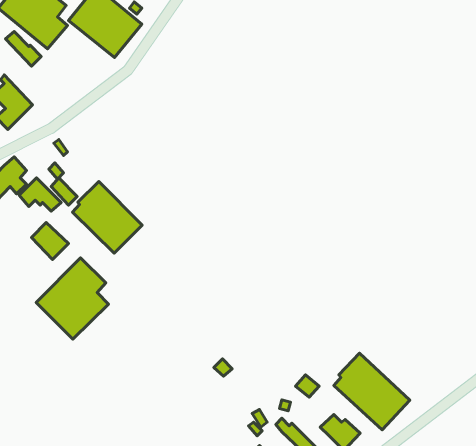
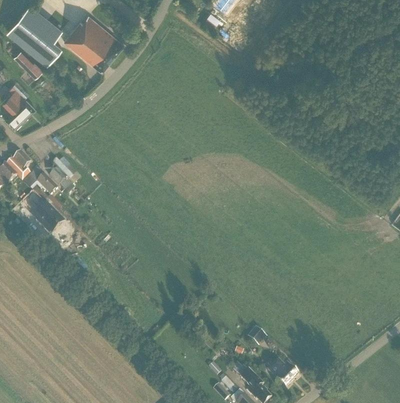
building: [72,182,142,253] -> none
building: [36,258,108,339] -> none
building: [334,353,410,430] -> none

